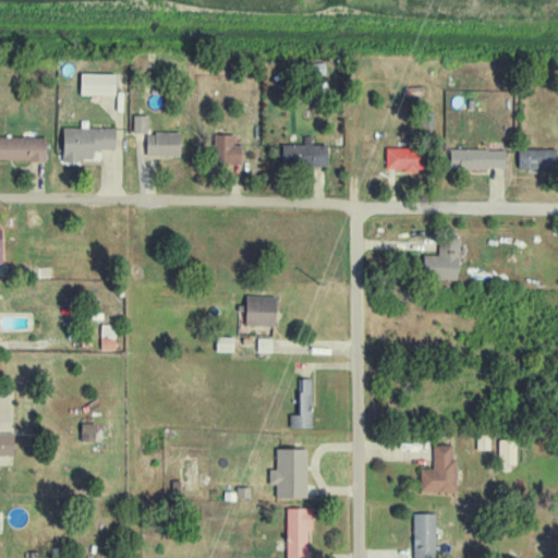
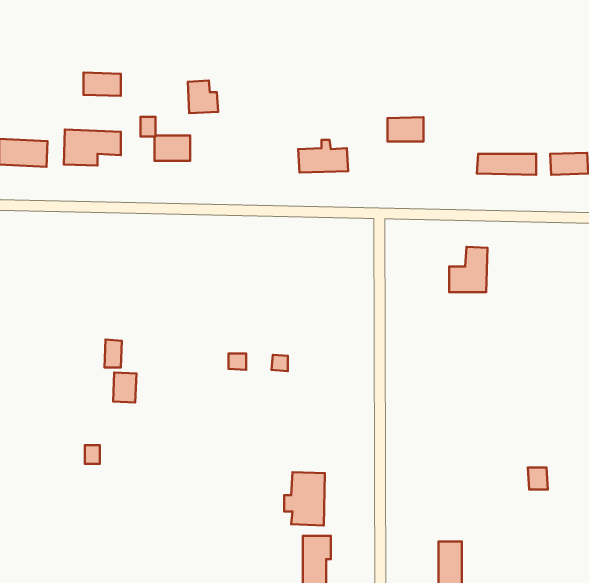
building: [215,135,243,166] -> [188,81,218,113]
building: [387,148,421,171] -> [388,117,423,141]
building: [246,296,277,327] -> none
building: none -> [113,373,136,402]
building: [290,379,313,428] -> none
building: [421,446,457,494] -> none

